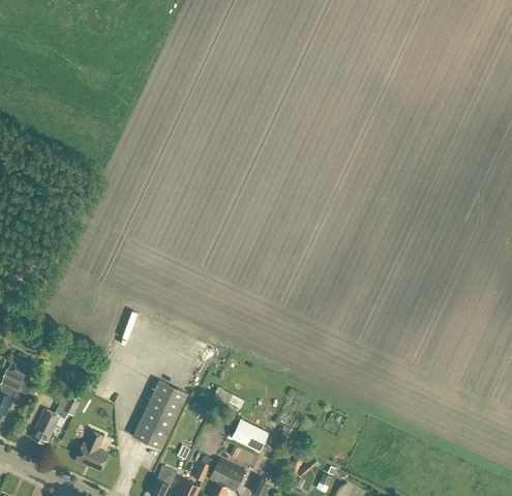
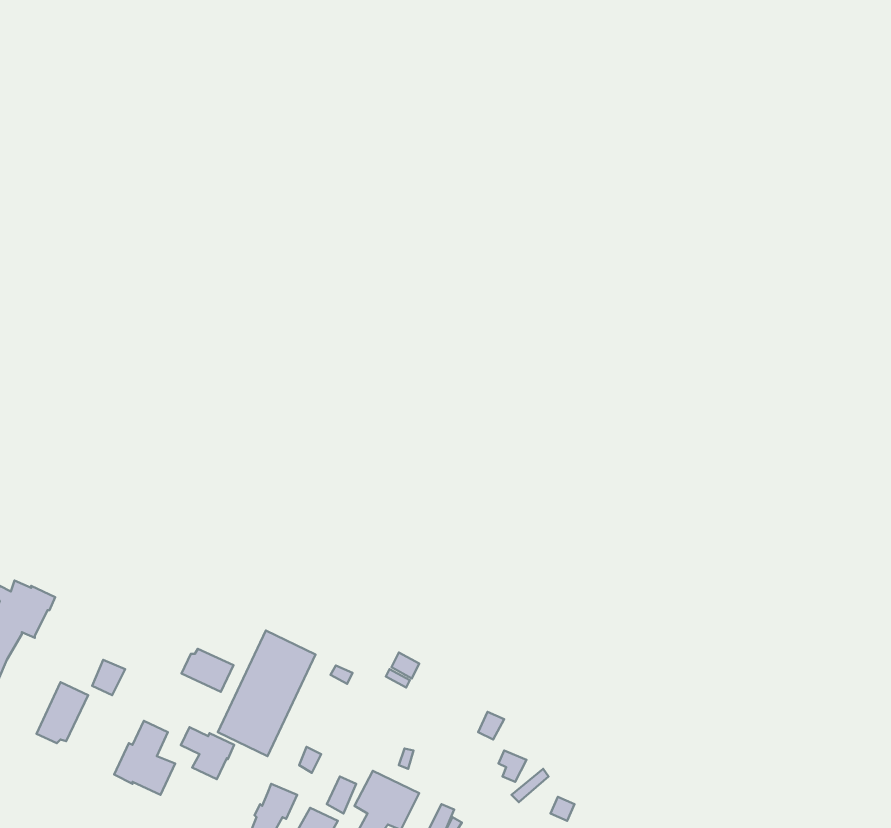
building: none -> [181,649,233,692]
building: [231,419,269,453] -> none
building: none -> [181,727,234,779]

